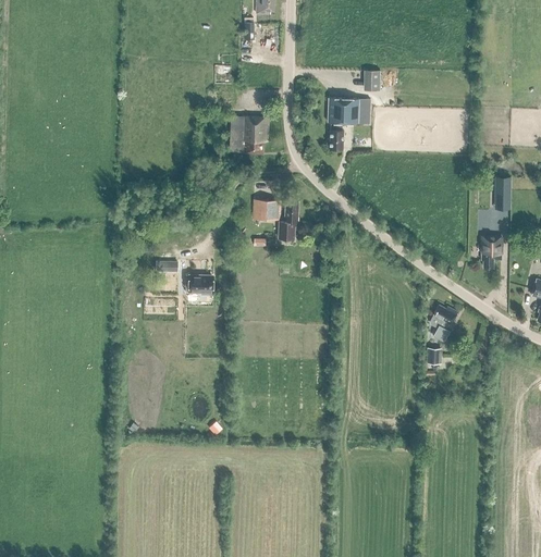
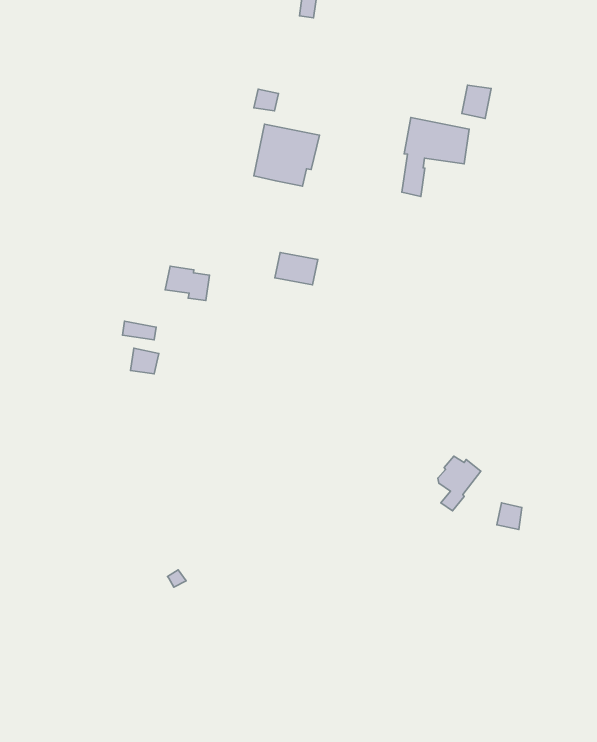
building: [279,200,298,238] -> none
building: [185,275,213,295] -> [165,266,209,301]
building: [430,305,458,342] -> [438,456,481,511]

